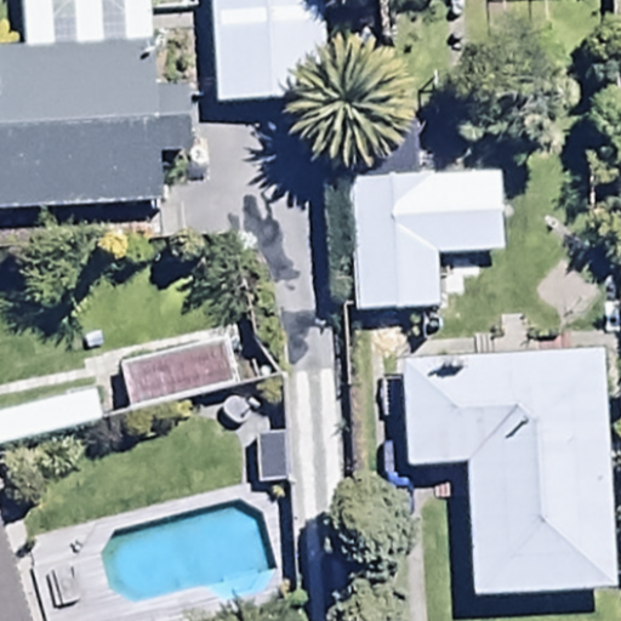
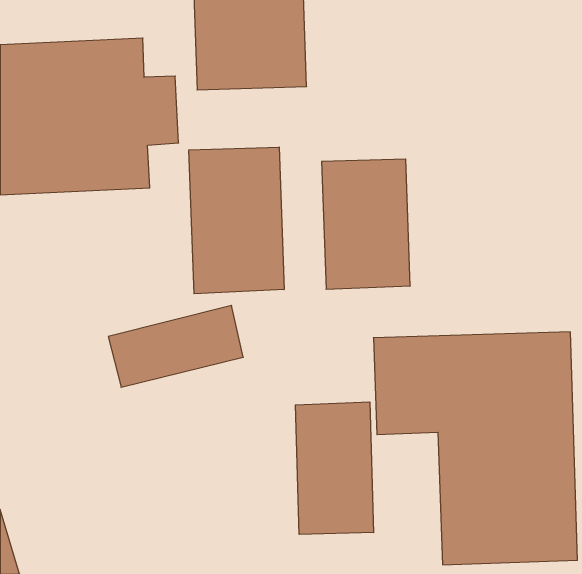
building: none -> [189,147,284,294]
building: none -> [295,402,374,534]

